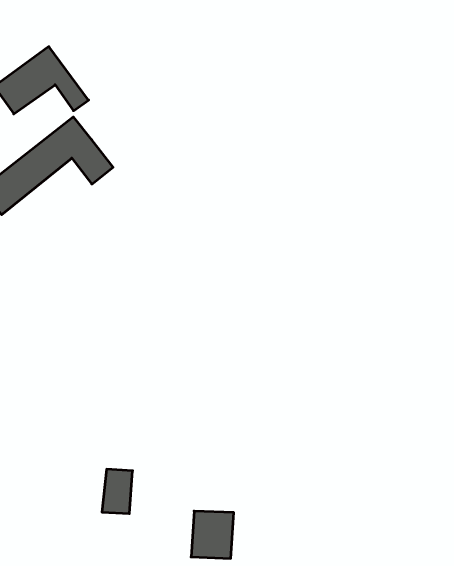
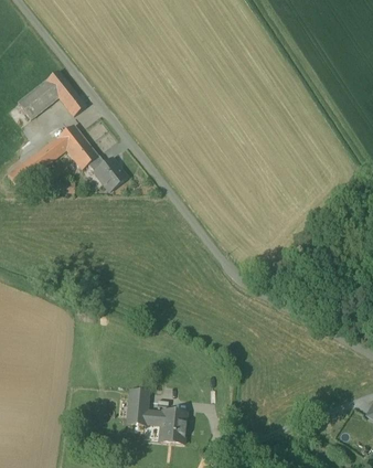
building: none -> [93,157,128,194]
building: [102,469,133,514] -> [126,391,148,423]

